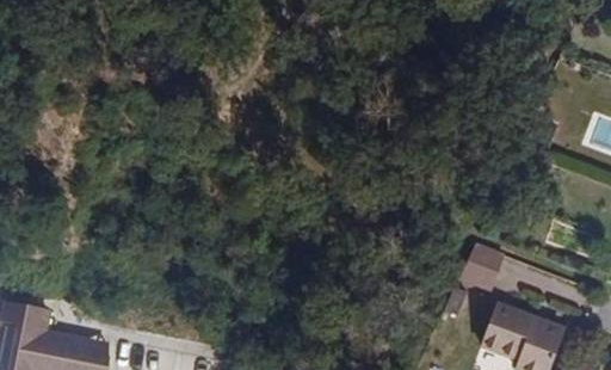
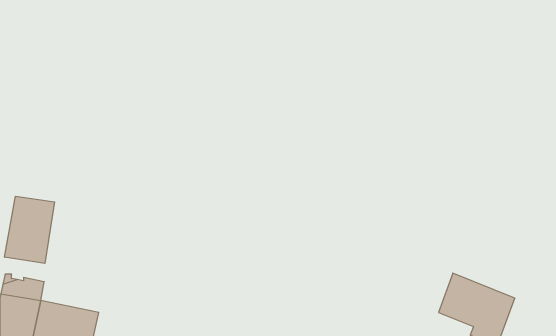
building: none -> [5,196,55,263]
building: [462,243,505,289] -> none

